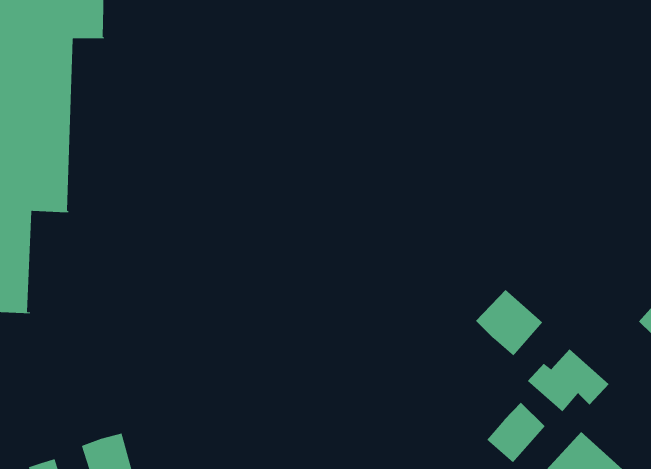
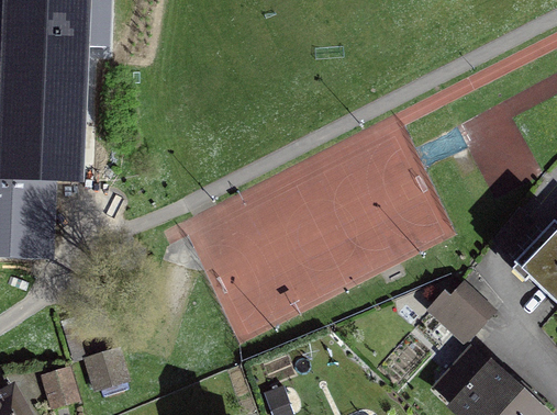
building: [475,289,543,357] -> none
building: [486,402,546,463] -> none

